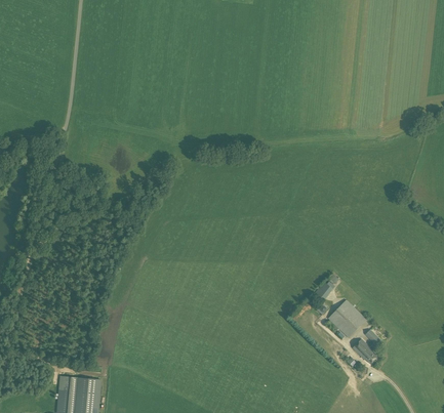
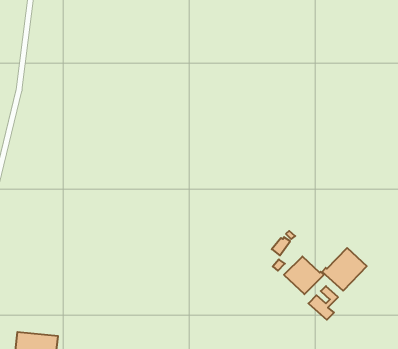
building: none -> [322,248,367,291]

